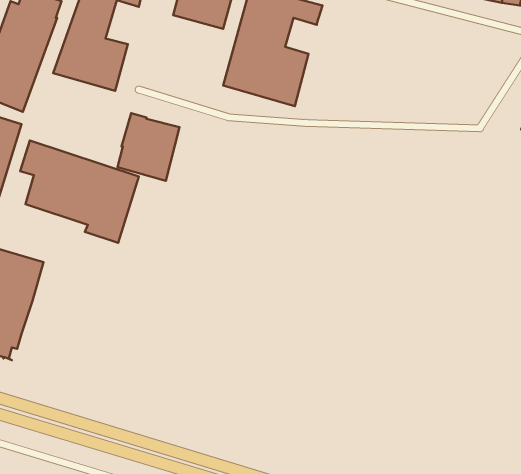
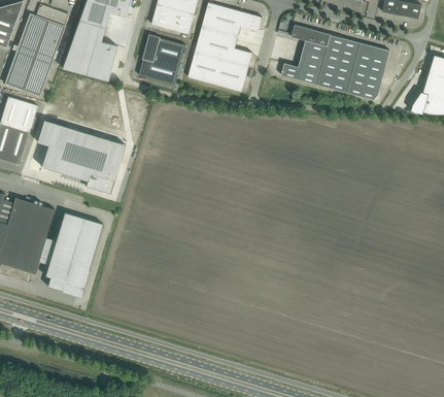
building: none -> [280,24,389,99]
building: [117,113,179,181] -> [138,34,184,85]
building: none -> [37,211,102,297]

